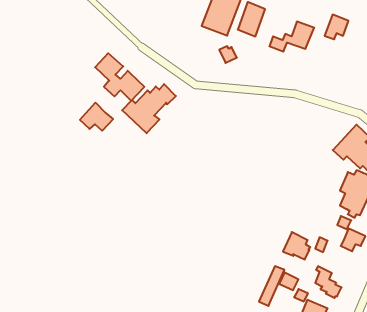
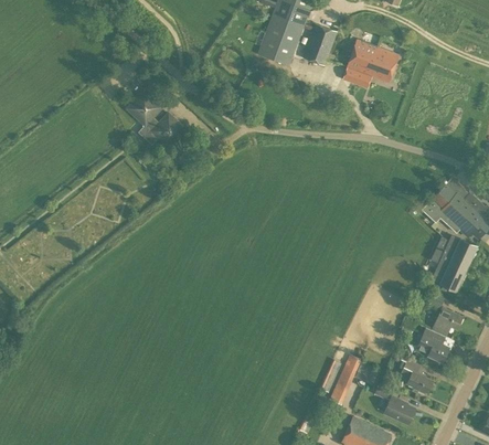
building: [325,15,348,39] -> [348,40,378,71]
building: [122,84,176,133] -> none
building: [80,103,113,131] -> none
building: [283,232,310,259] -> [415,327,449,361]

